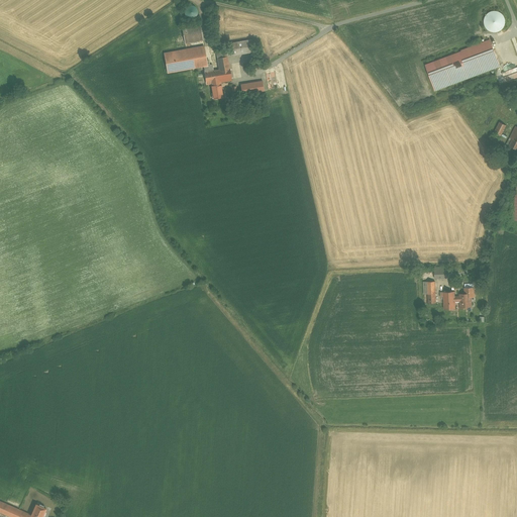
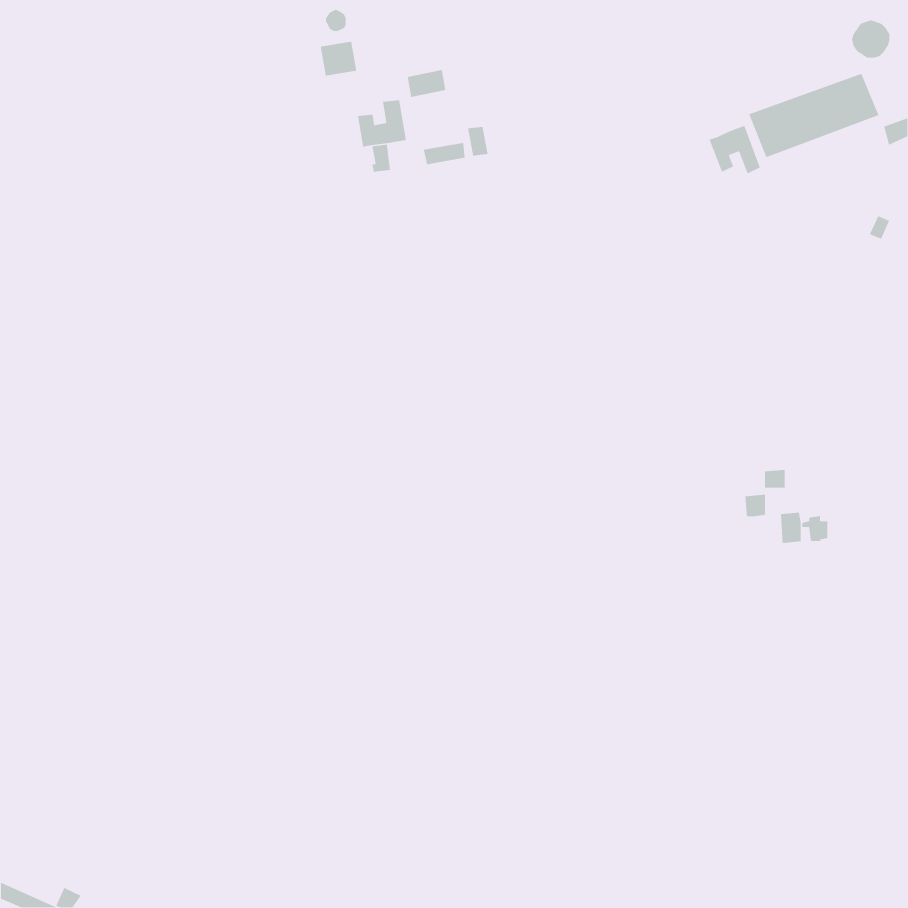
building: [164,45,207,72] -> none
building: none -> [709,125,761,175]

